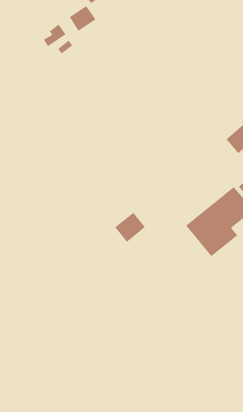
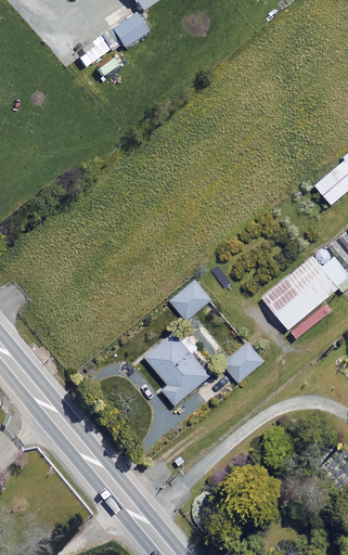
building: none -> [143,332,209,404]
building: none -> [221,341,263,383]

